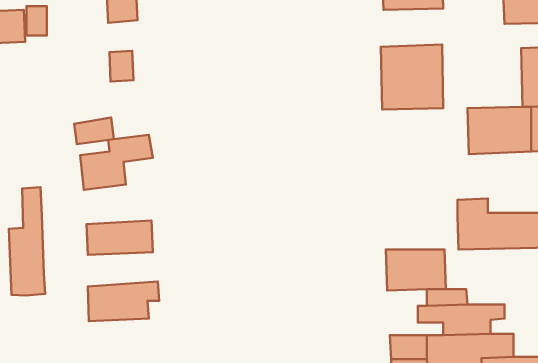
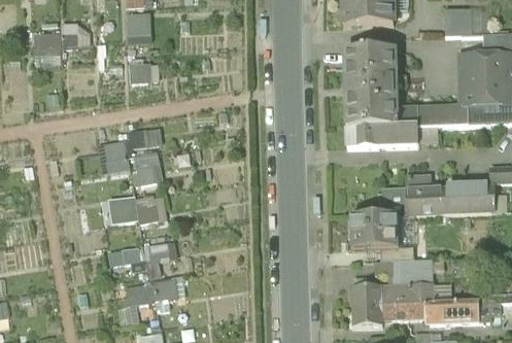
building: none -> [347,104,417,142]
building: [74,118,114,144] -> [130,164,162,185]
building: [9,187,45,295] -> none
building: none -> [385,192,409,218]
building: none -> [123,279,176,305]

